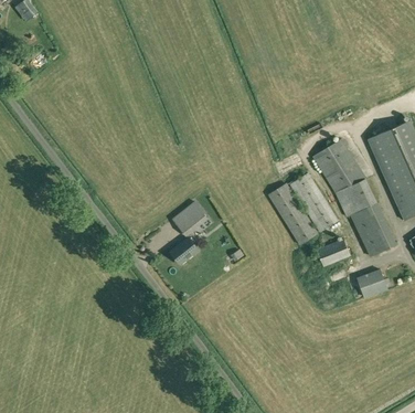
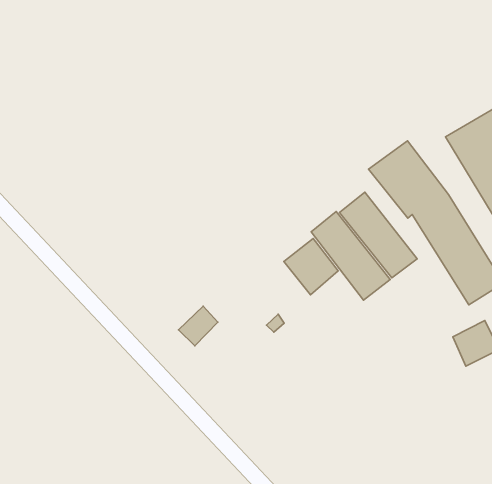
building: none -> [284,238,338,295]
building: [172,201,208,236] -> none
building: [317,239,351,266] -> none

